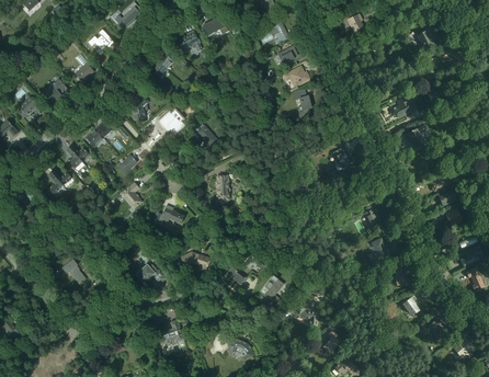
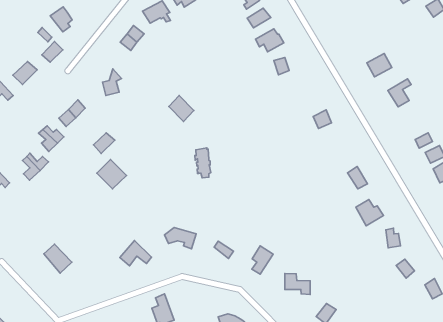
building: [153,206,184,231] -> none

